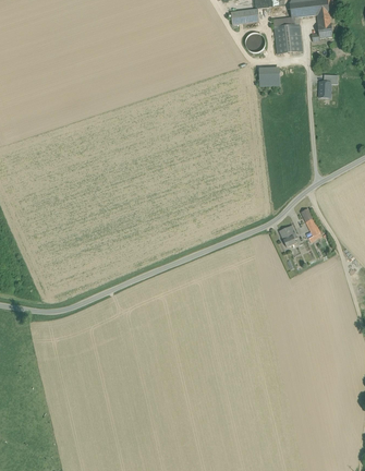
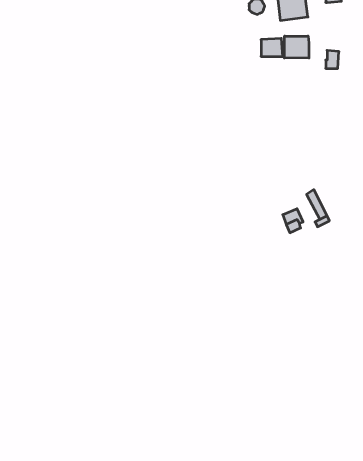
building: none -> [284,36,309,58]

